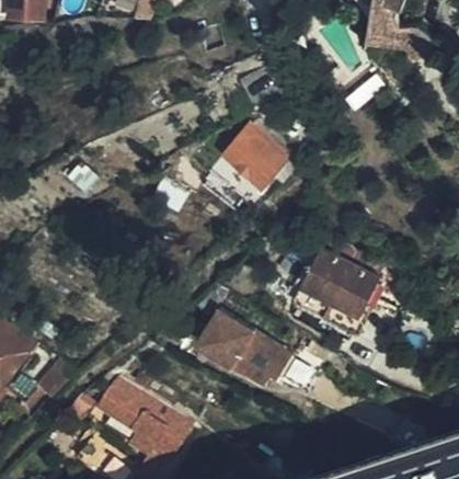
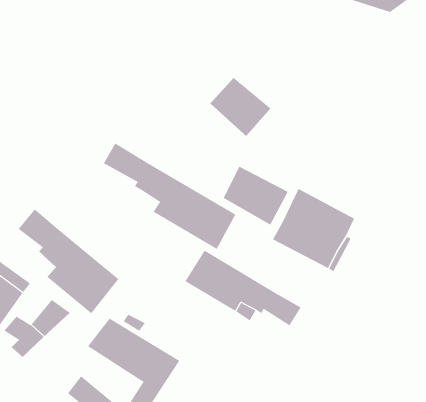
building: none -> [103,143,236,250]
building: none -> [223,166,289,225]
building: none -> [18,208,119,314]

